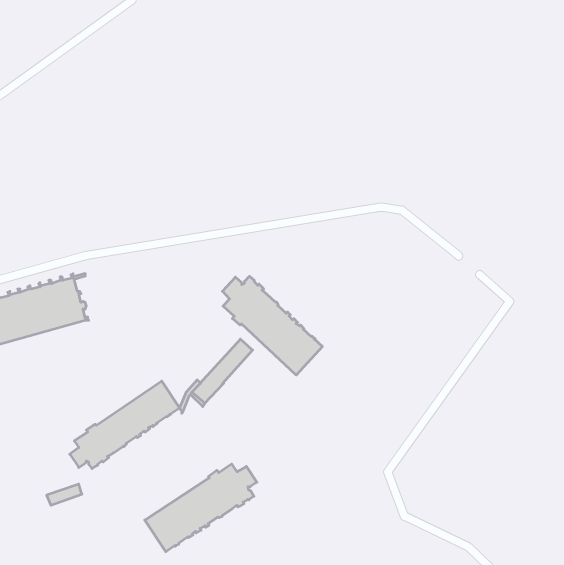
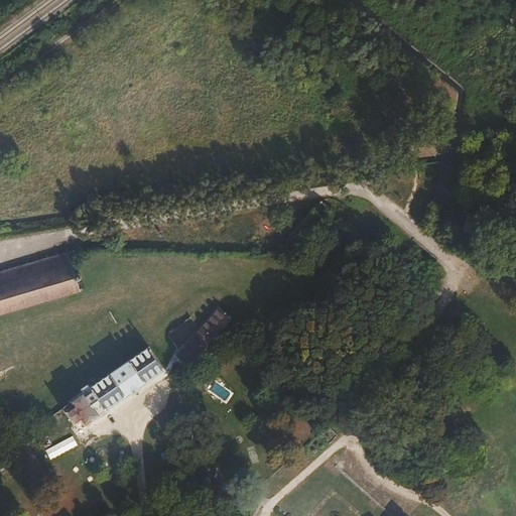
building: [222,276,322,375] -> none
building: [145,464,257,552] -> none

